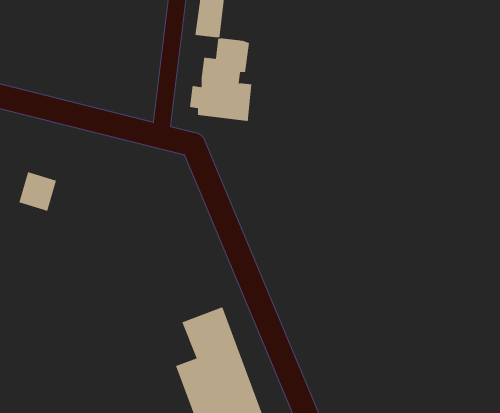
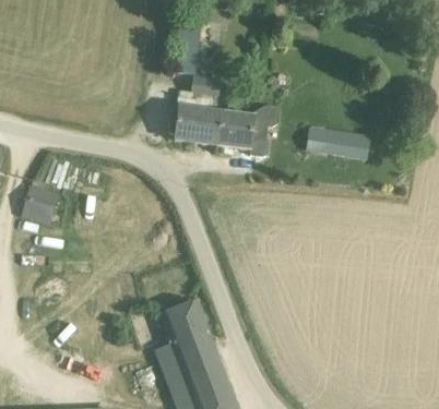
building: none -> [218,106,278,156]
building: none -> [305,125,369,158]

